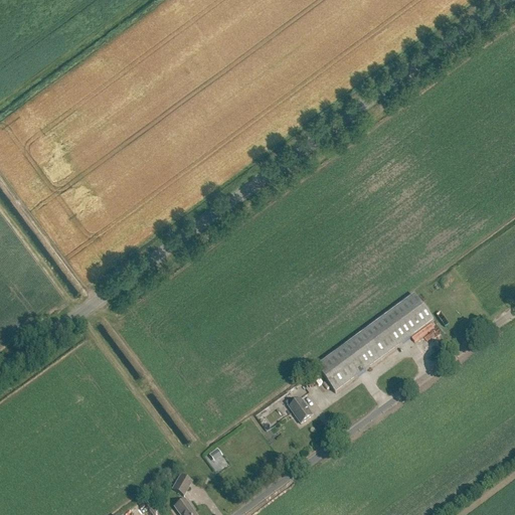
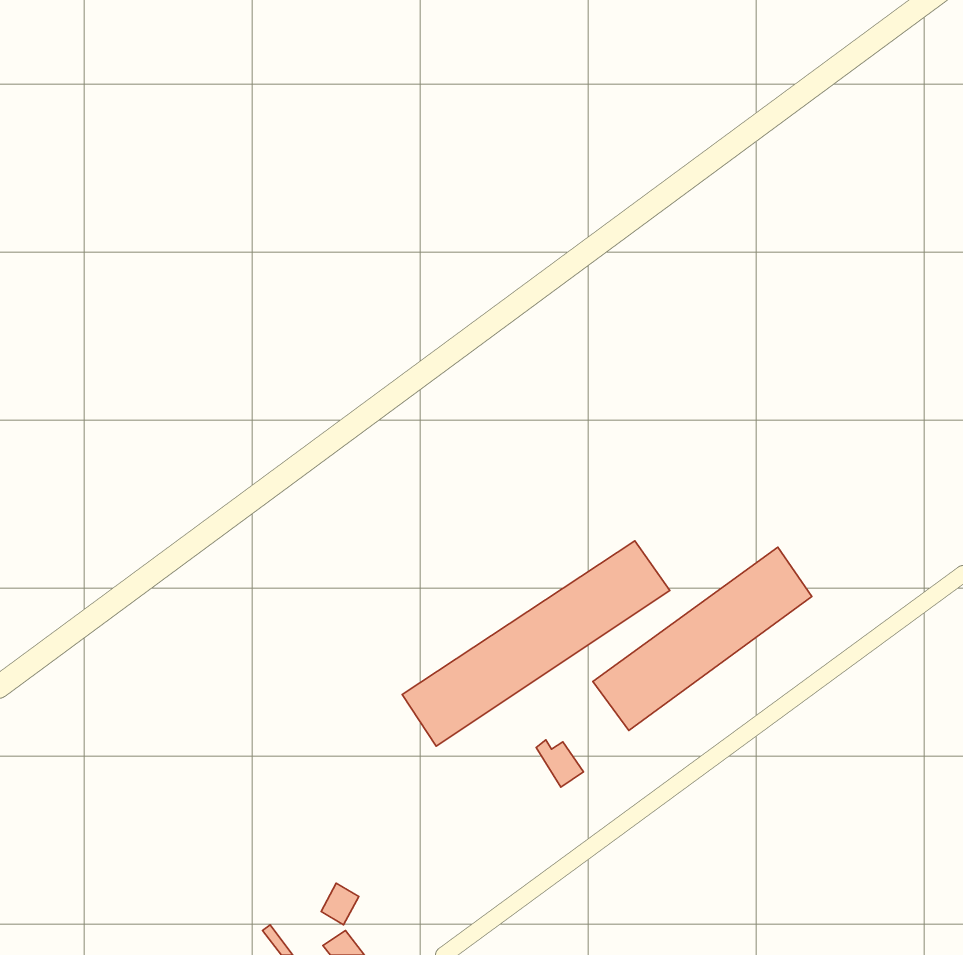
building: none -> [402,541,670,746]

